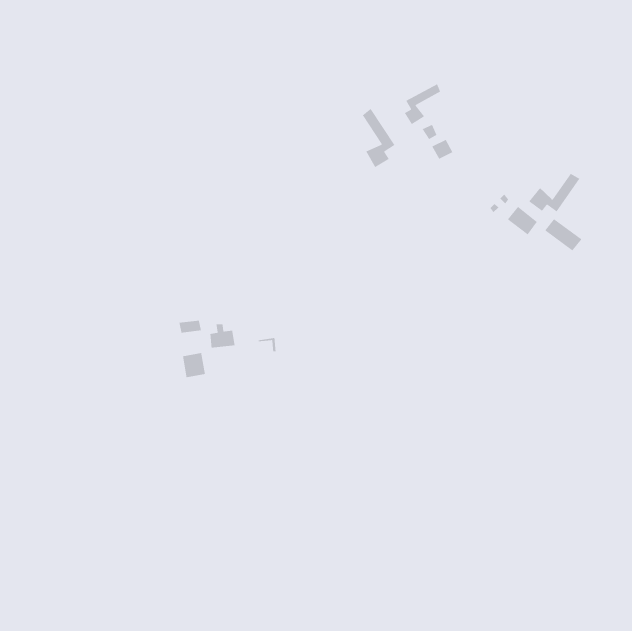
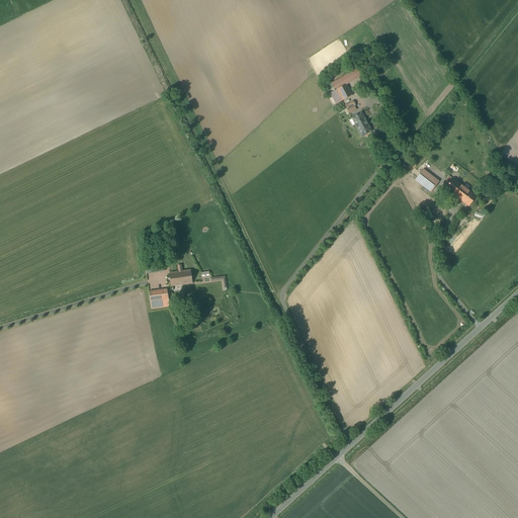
building: [362,108,396,168] -> none
building: [528,173,580,213] -> none

